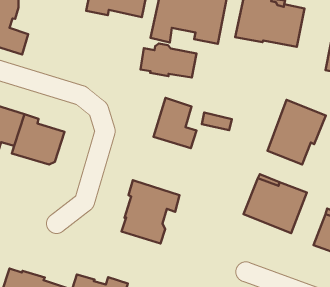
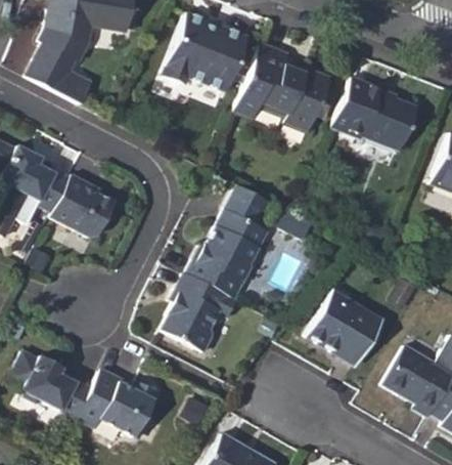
building: [140,43,196,78] -> none
building: [267,100,326,164] -> none
building: none -> [187,226,259,299]

